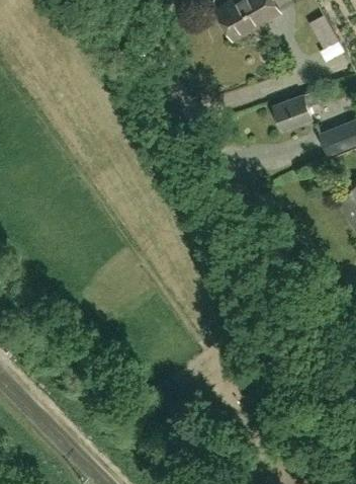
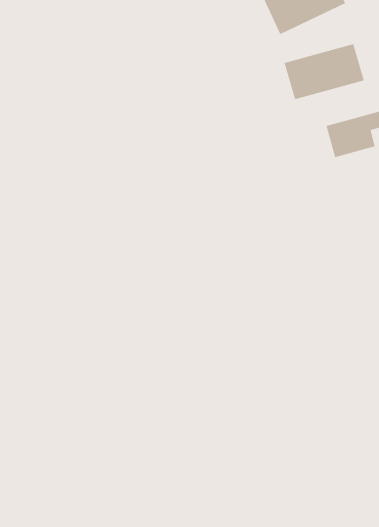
building: none -> [284,43,365,100]

